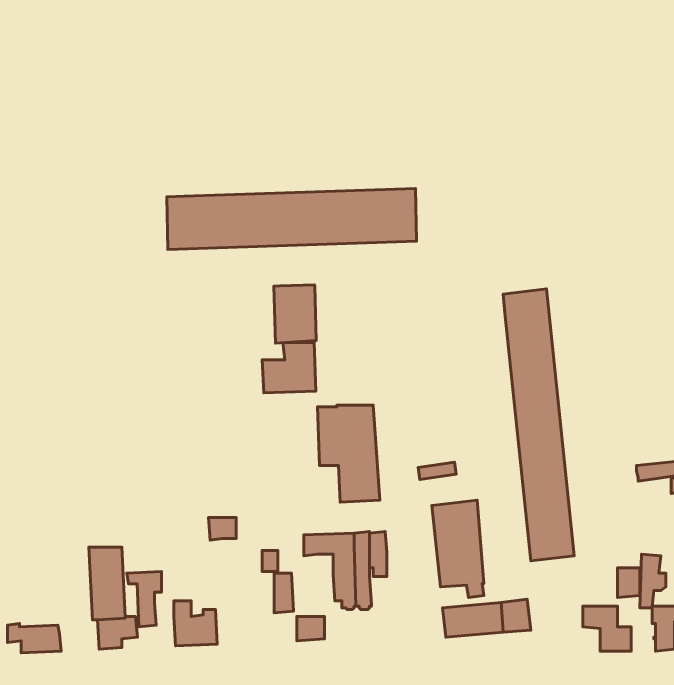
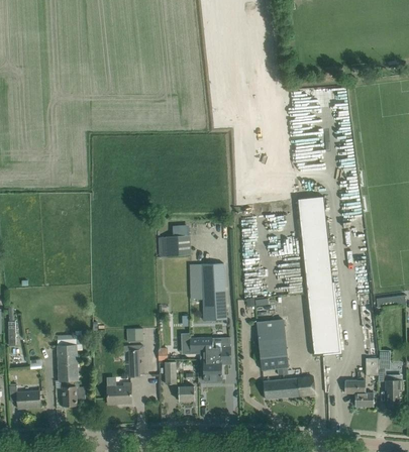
building: [167,189,416,249] -> none
building: [274,285,316,343] -> none
building: [127,572,161,627] -> [122,345,142,377]

